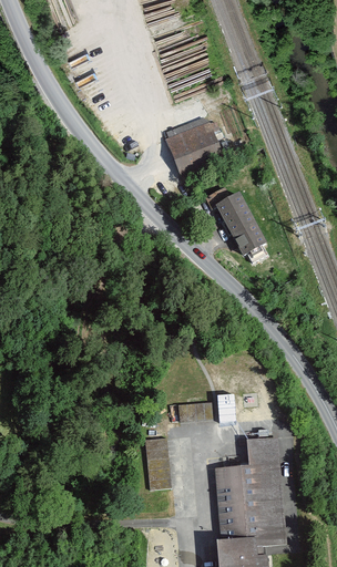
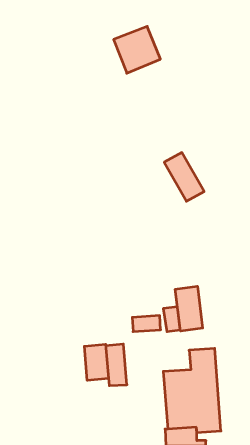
building: [166,118,225,177] -> [114,26,160,73]
building: none -> [175,286,203,331]
building: none -> [84,344,108,380]

